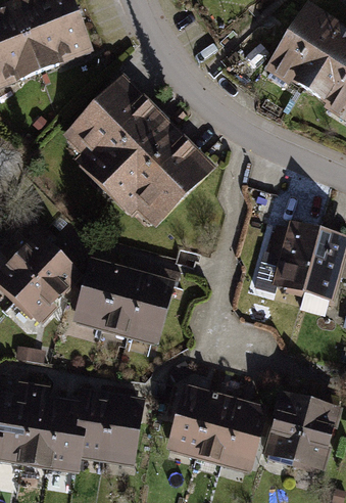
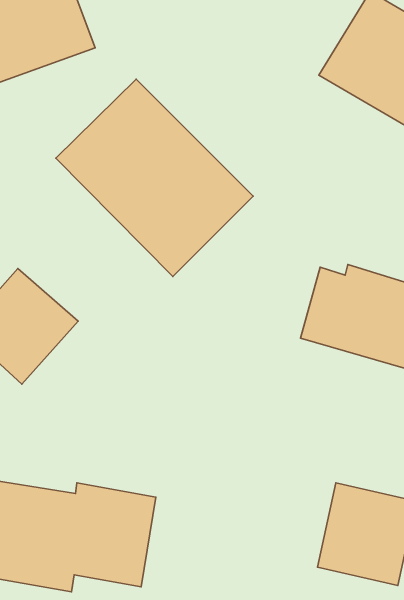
building: [73,257,175,344] -> none
building: [166,382,267,470] -> none

